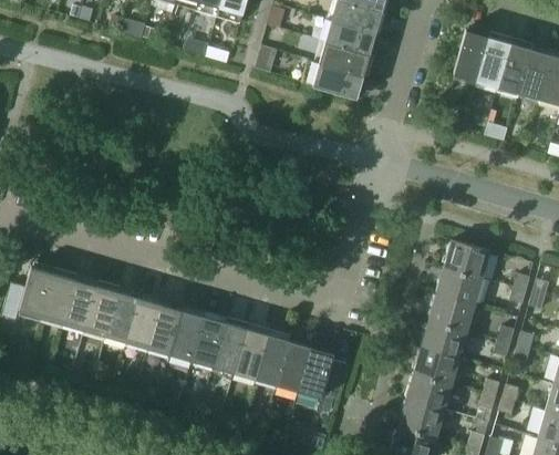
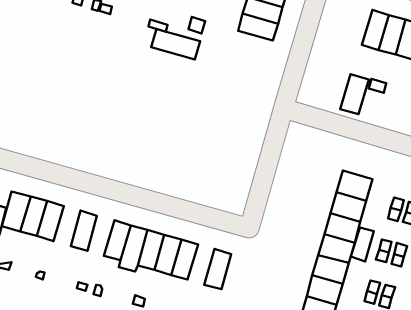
building: [453,30,489,81] -> [340,74,369,114]
building: [301,60,363,99] -> [151,29,200,59]
building: [84,286,118,337] -> none
building: [127,298,162,349] -> none
building: none -> [351,228,374,261]
building: [255,334,289,385] -> none
building: [298,347,349,399] -> none

